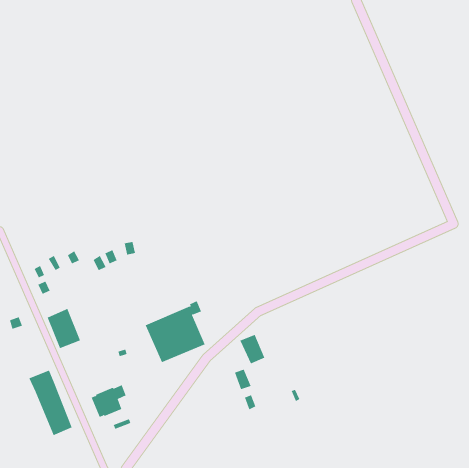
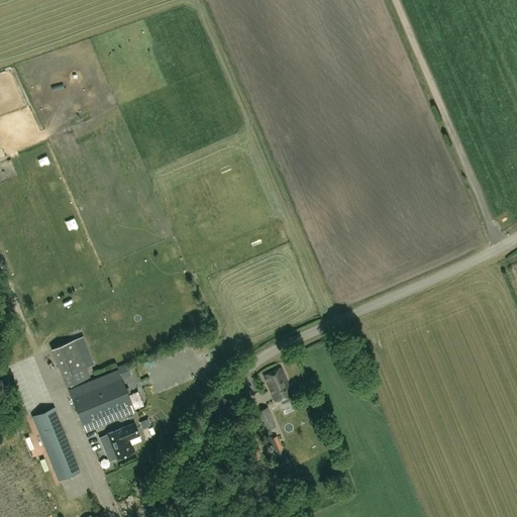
building: [145,300,206,363] -> [69,364,135,432]

